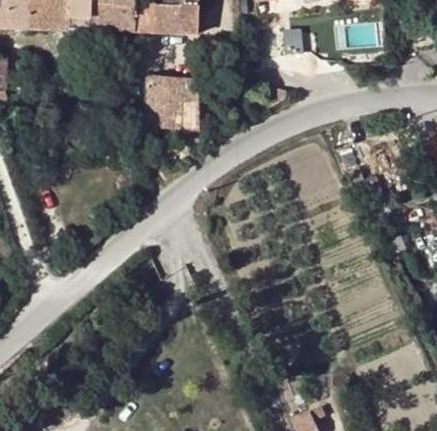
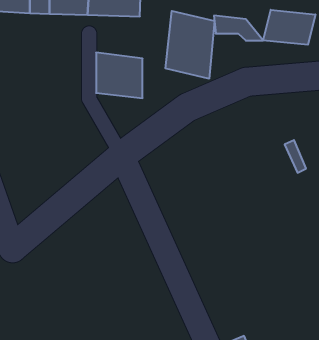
building: none -> [263,10,315,45]
building: none -> [165,11,214,79]

